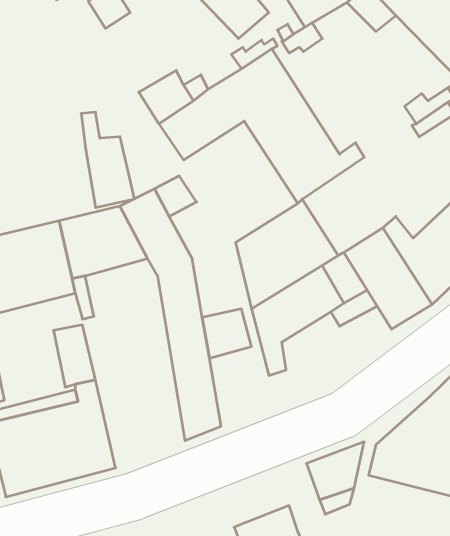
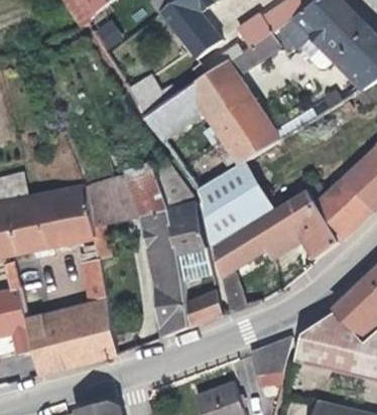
building: [81,112,135,208] -> [166,184,204,251]
building: none -> [181,271,221,326]

